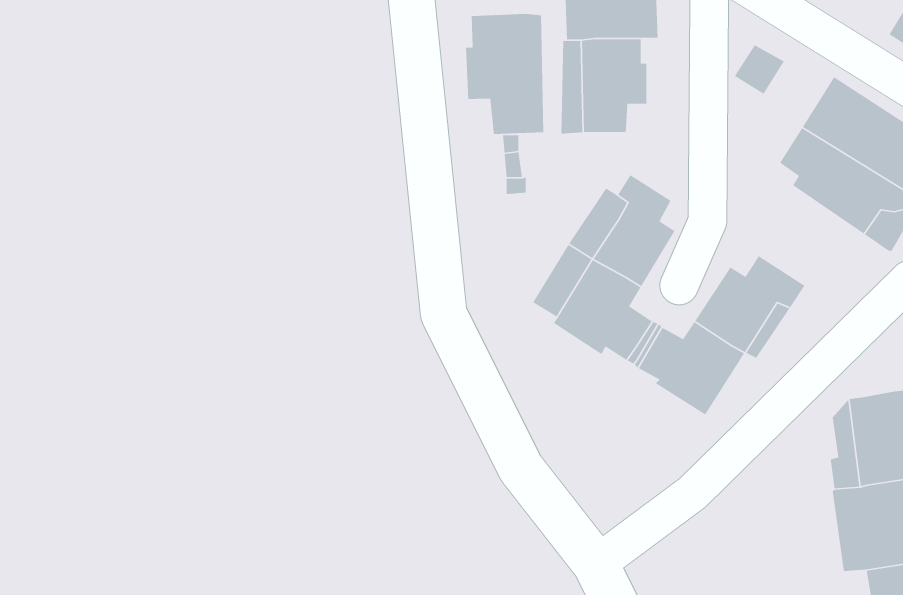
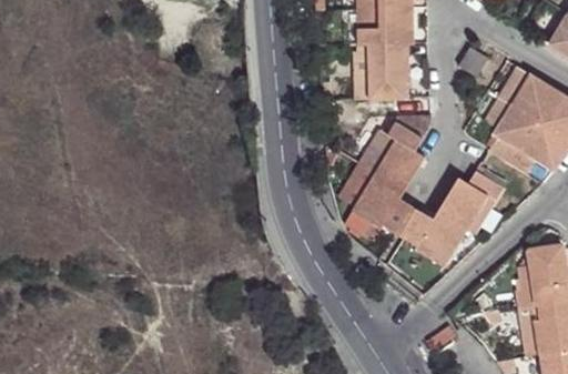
building: [465,13,544,135] -> none

